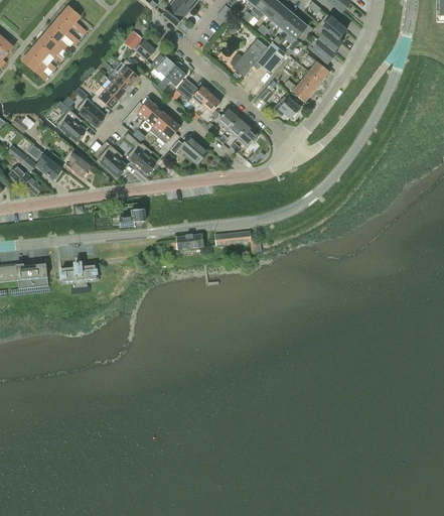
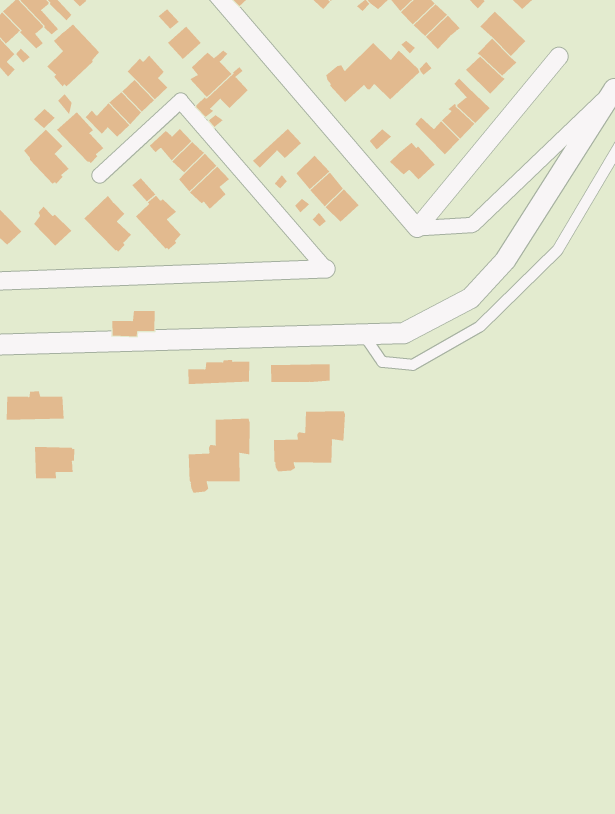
building: none -> [46,23,100,87]
building: [176,78,211,115] -> none
building: [170,135,208,163] -> none
building: none -> [273,411,346,472]
building: none -> [188,418,250,493]
building: none -> [35,446,75,479]

